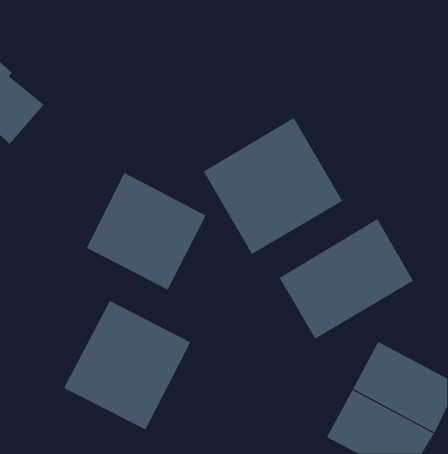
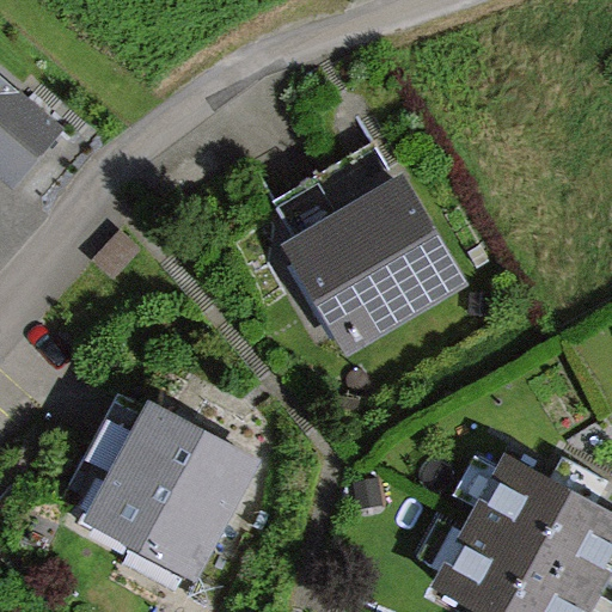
building: [86,172,207,291] -> none
building: [279,218,414,339] -> none

